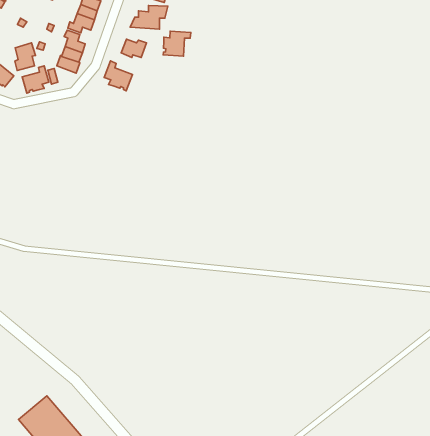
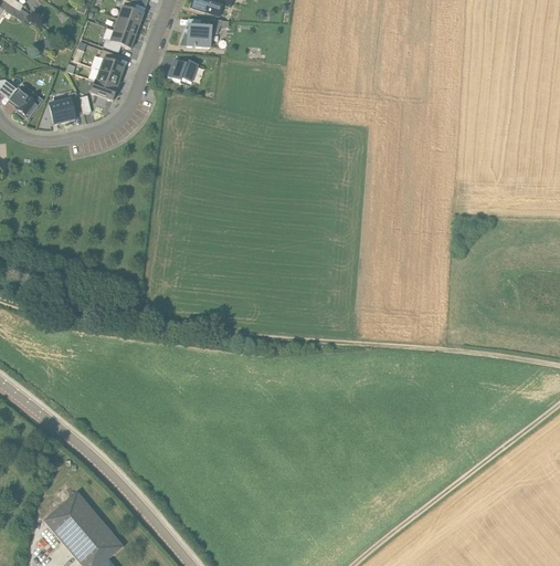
building: [163,31,191,56] -> none
building: [15,43,36,71] -> none
building: [104,61,132,91] -> none

